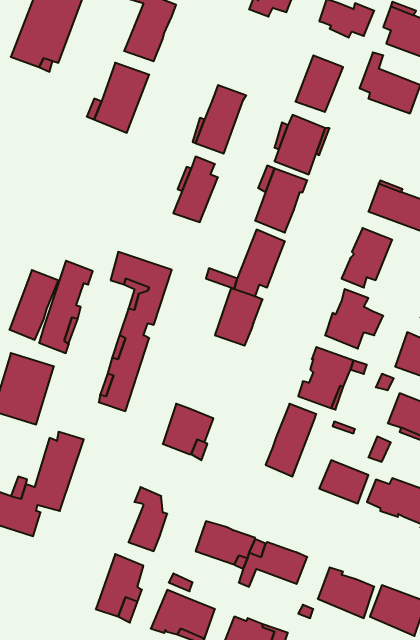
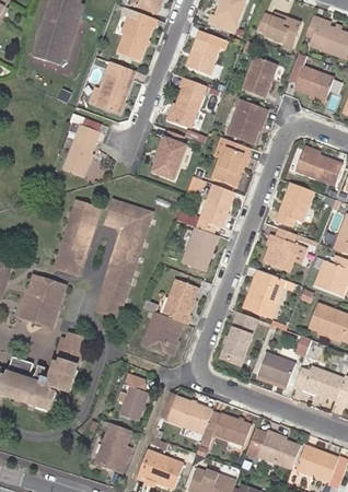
building: none -> [186,30,228,74]
building: [9,270,59,340] -> [62,125,98,176]
building: none -> [163,279,198,323]

